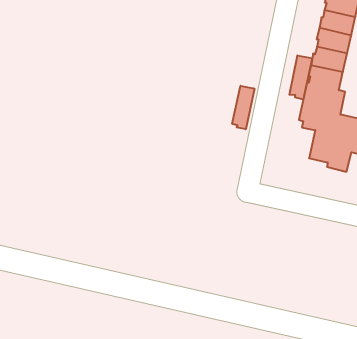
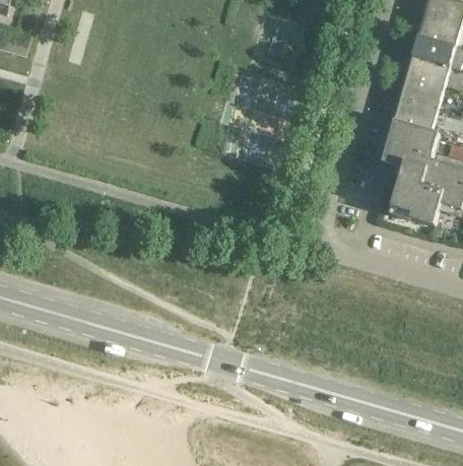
building: [289,55,312,99] -> none
building: [232,86,254,129] -> none

